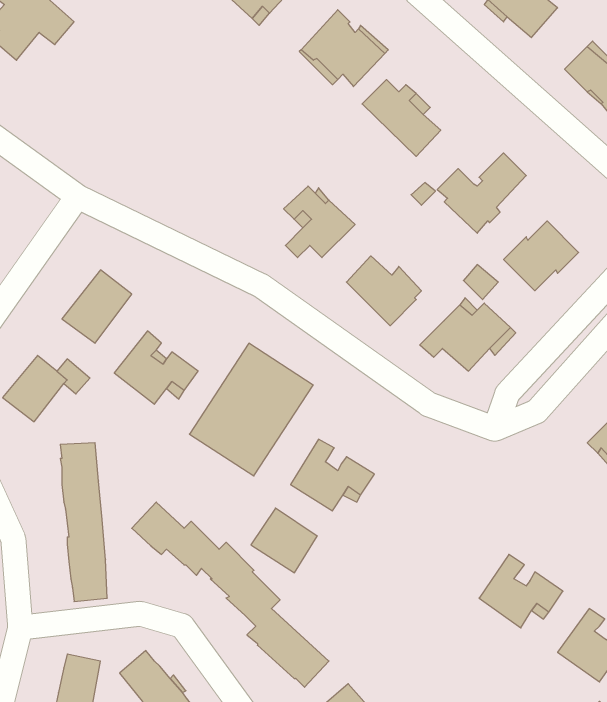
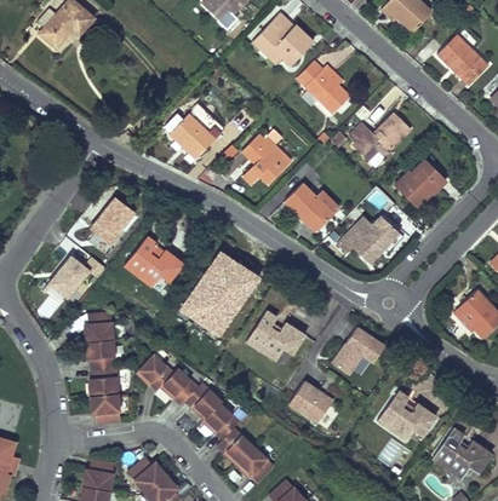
building: none -> [164,104,224,160]
building: none -> [328,328,383,378]
building: [251,508,317,573] -> [286,382,332,427]

